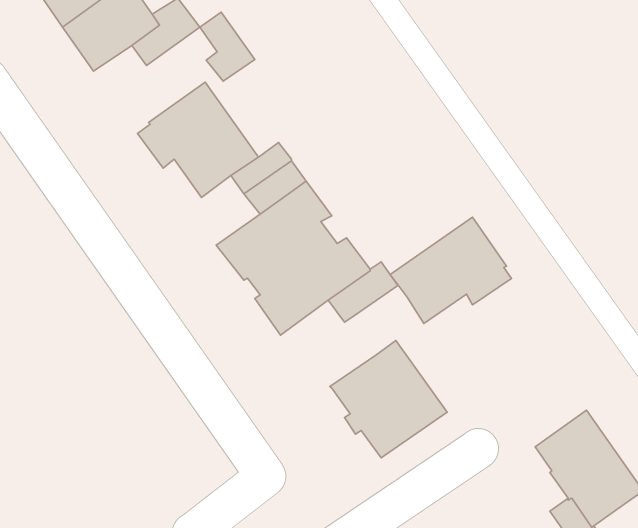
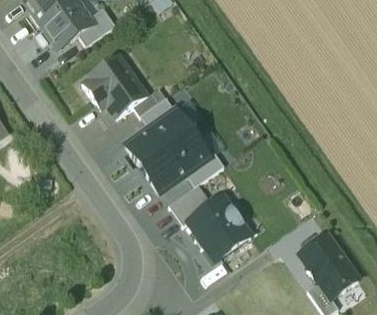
building: [200,12,255,81] -> none
building: [390,217,512,324] -> none
building: none -> [168,184,212,225]

